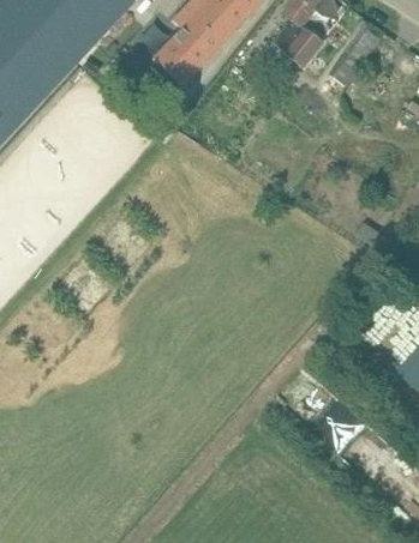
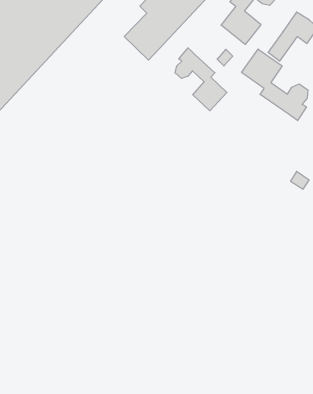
building: none -> [175,48,227,111]
building: none -> [242,49,308,121]

